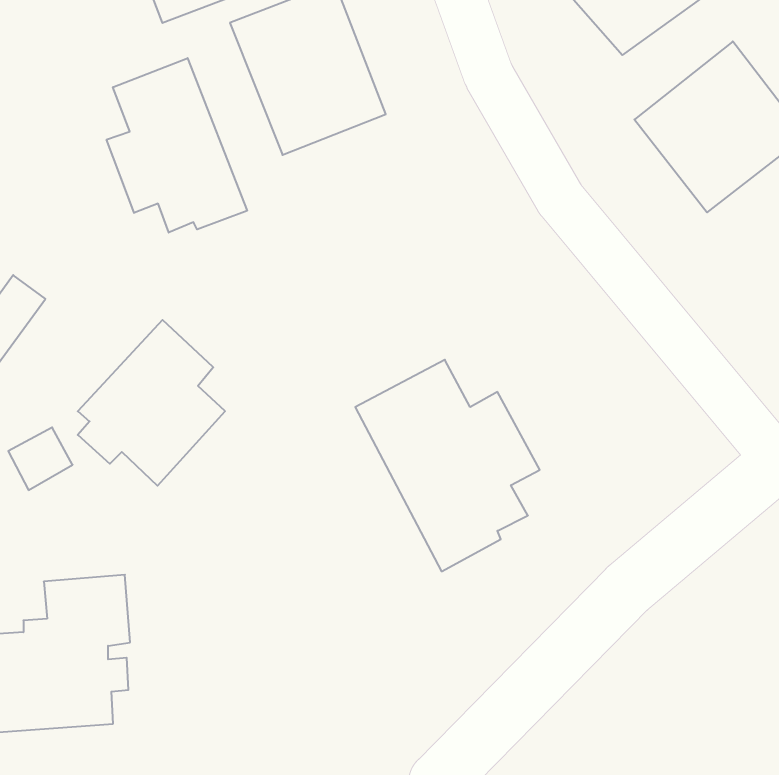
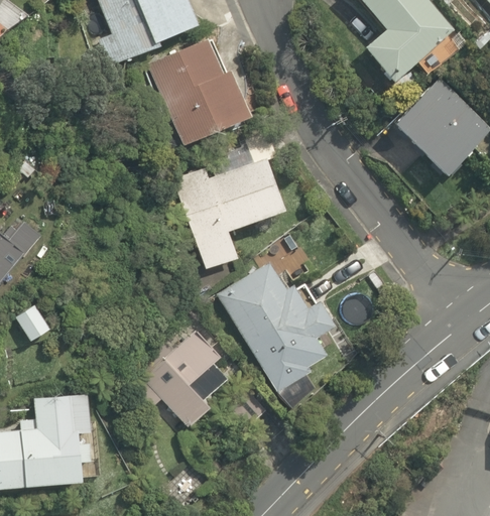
building: [107,58,247,233] -> none
building: none -> [179,161,278,267]
building: [78,320,225,486] -> [141,325,229,423]

